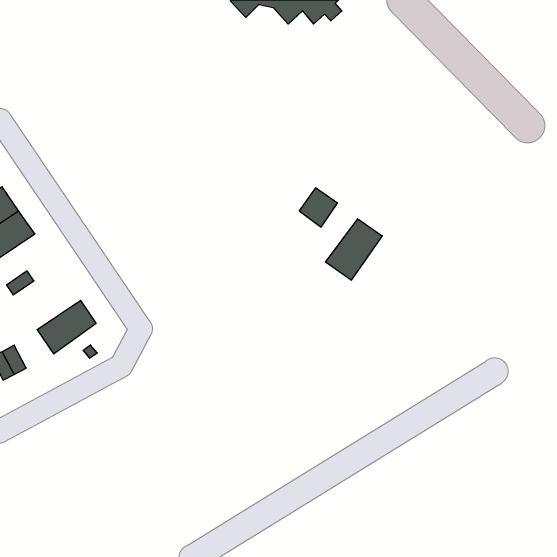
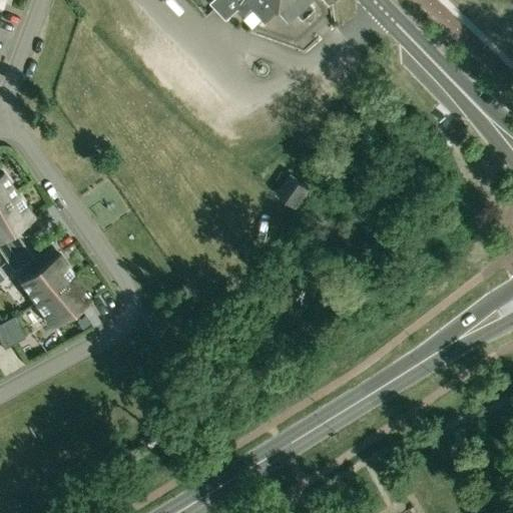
building: [325,219,382,280] -> none
building: none -> [19,255,74,304]

